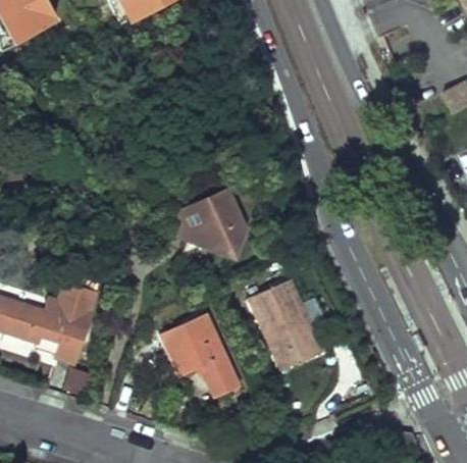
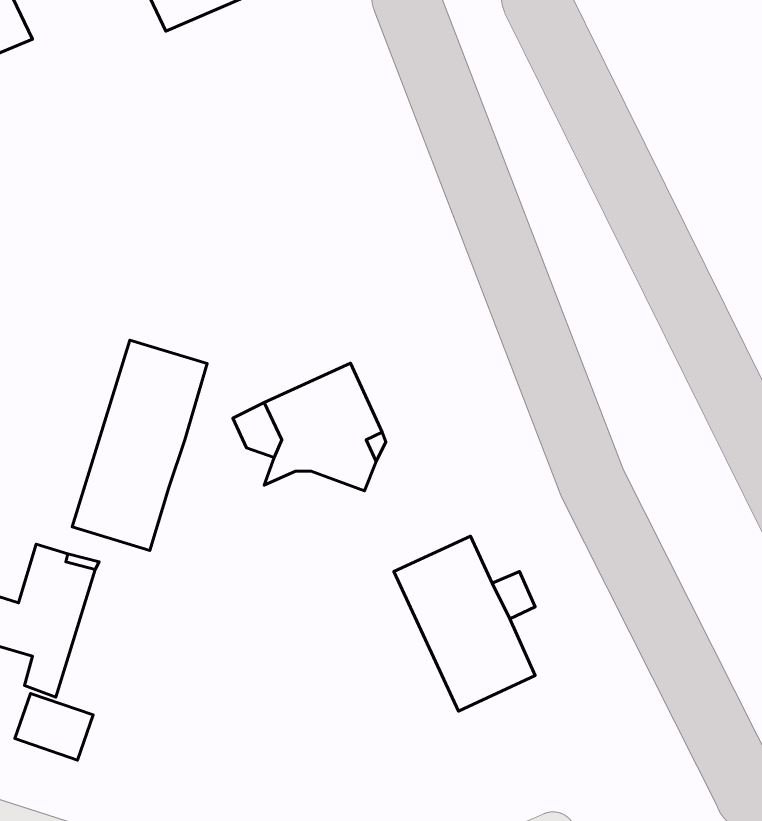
building: none -> [72,340,207,550]
building: [160,313,239,398] -> none

